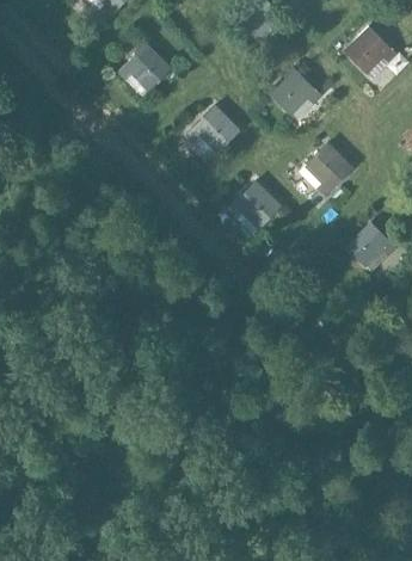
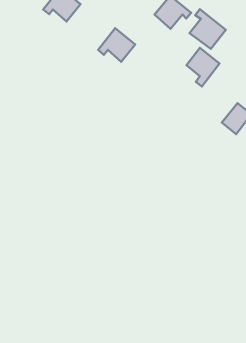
building: none -> [190,9,226,49]
building: [229,183,281,228] -> none

